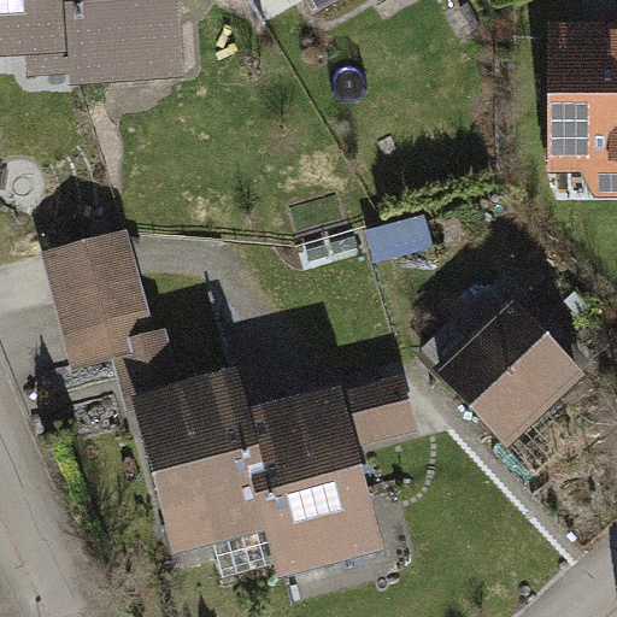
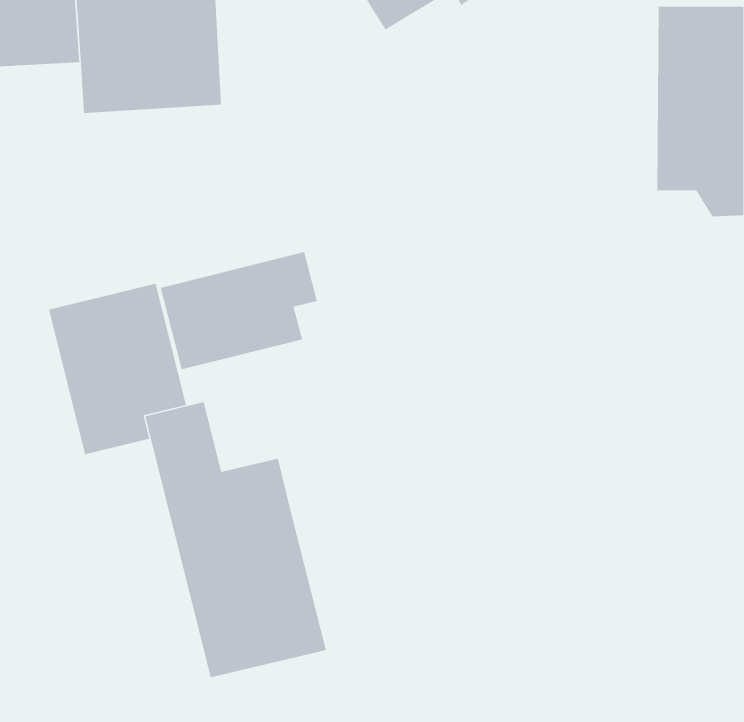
building: none -> [160,251,318,370]
building: [435,295,584,443] -> none
building: [240,377,418,590] -> none

